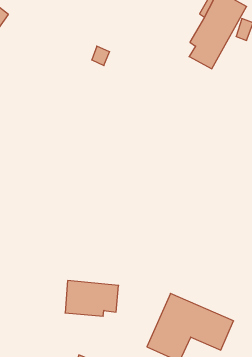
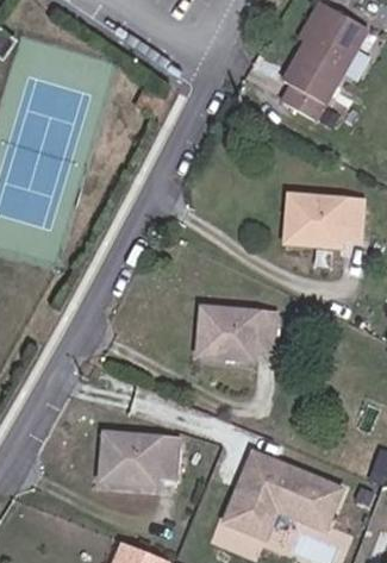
building: none -> [285,195,361,246]
building: none -> [196,307,274,359]

